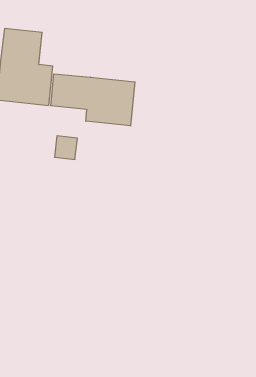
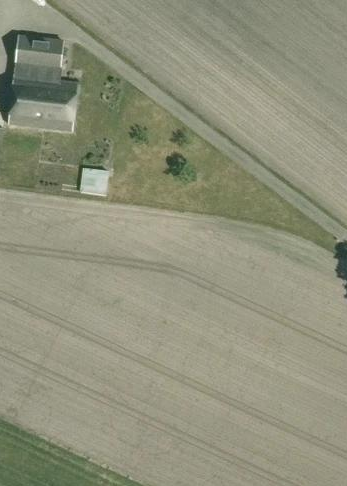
building: [51,74,135,126] -> none

